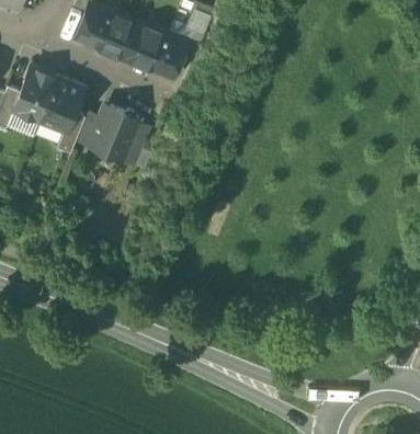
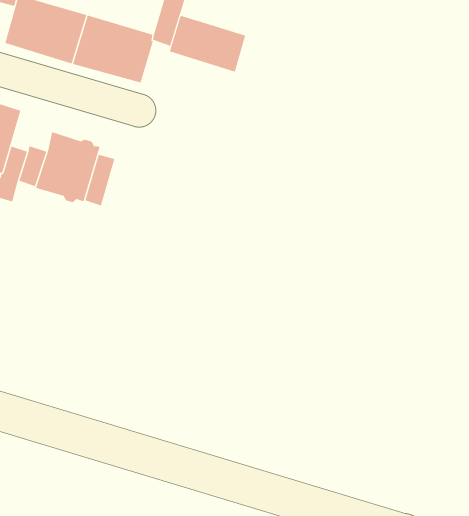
building: none -> [169,15,246,73]

